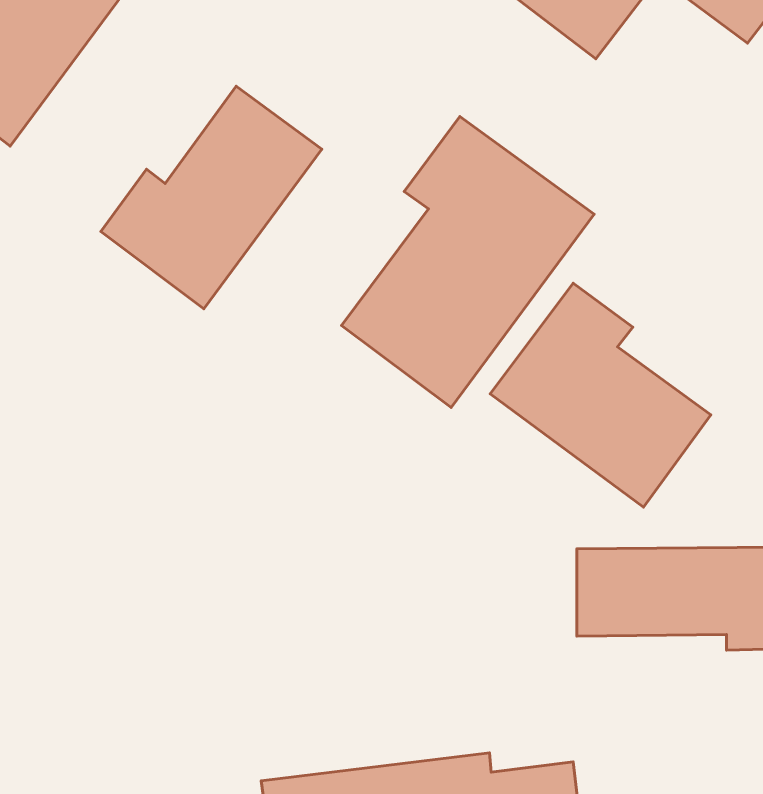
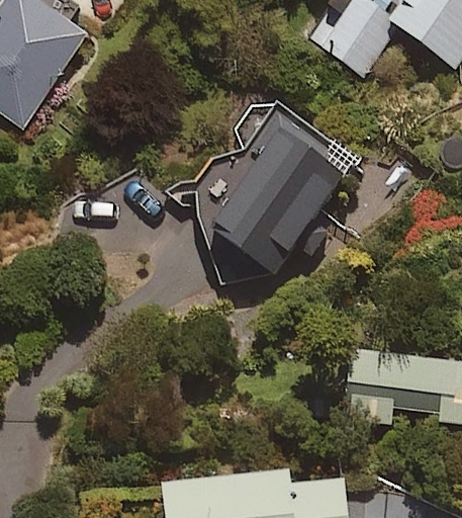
building: [101,86,322,309] -> none
building: [490,283,711,507] -> none

